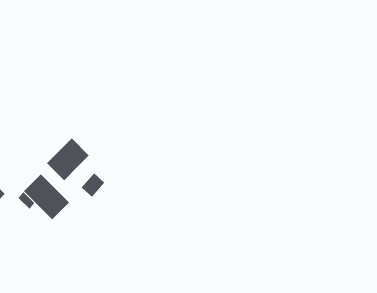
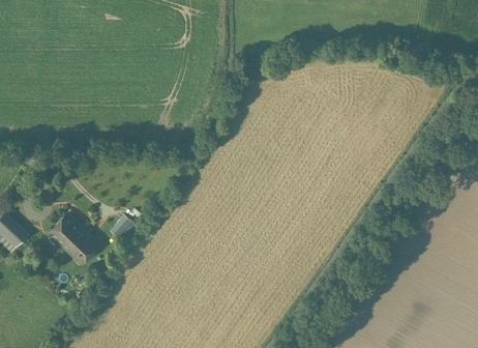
building: [46,138,90,181] -> none

